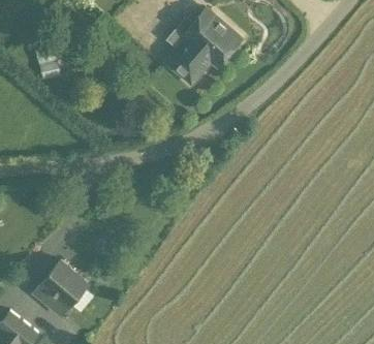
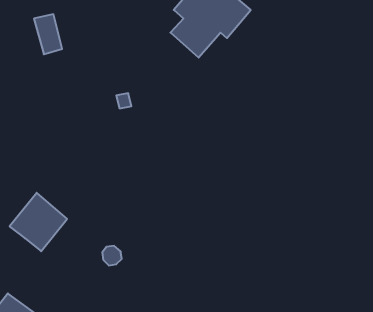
building: [32,259,87,315] -> [10,193,67,251]

